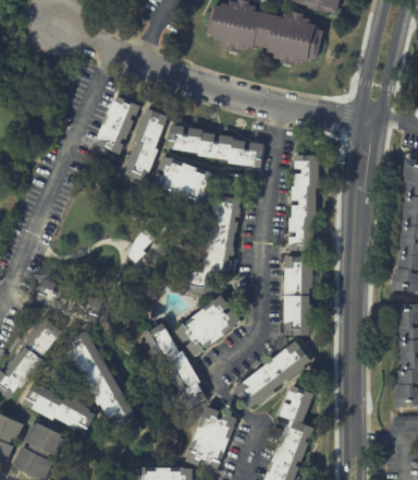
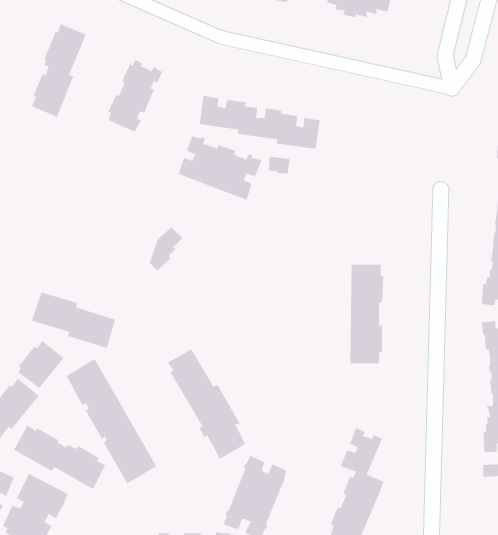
building: [125,108,169,182] -> [31,23,87,118]
building: [290,155,319,251] -> none
building: [184,196,242,293] -> none
building: [175,296,242,357] -> none
building: [235,343,314,412] -> none

